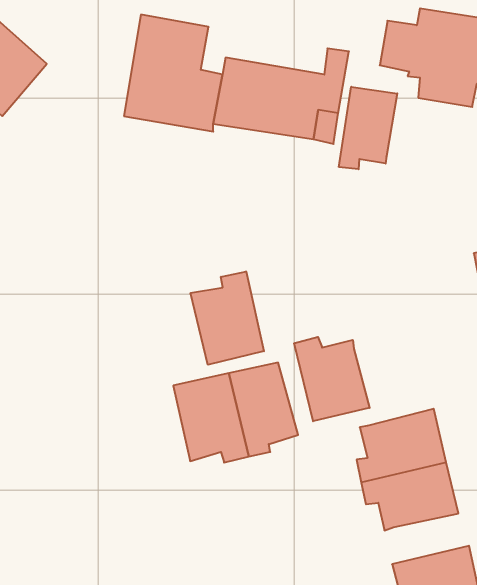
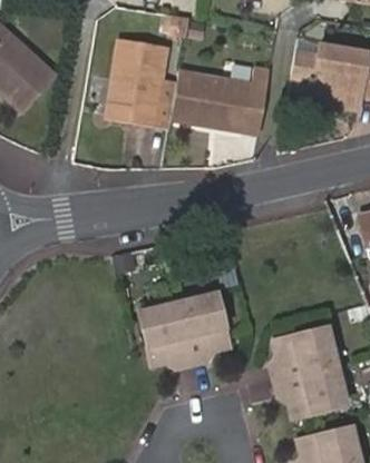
building: [339,87,397,169] -> none
building: [191,271,264,365] -> none
building: [294,337,370,421] -> none

